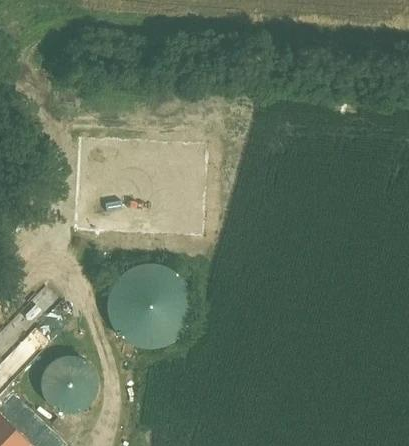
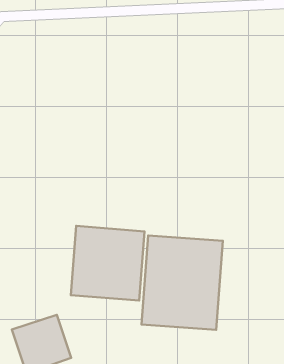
building: none -> [141,235,223,330]

